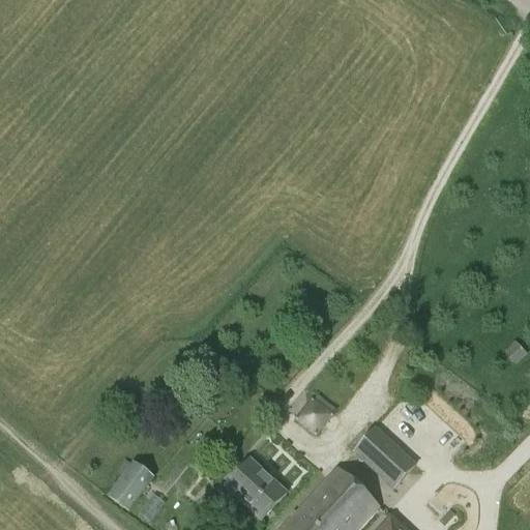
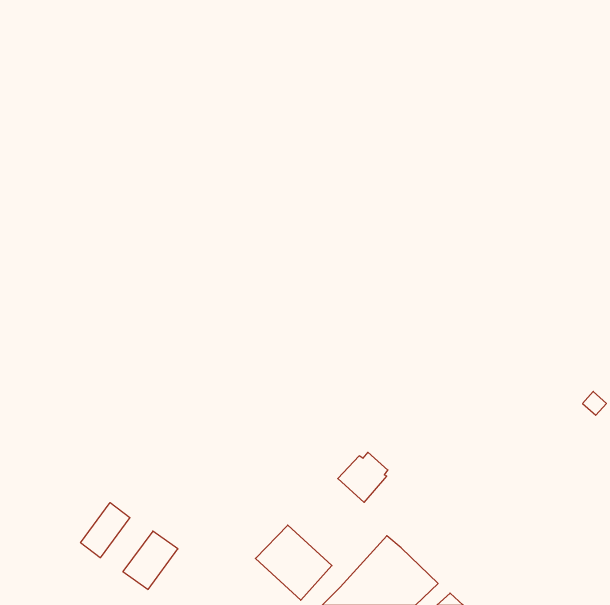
building: [351,424,417,489] -> none
building: none -> [81,503,130,558]

